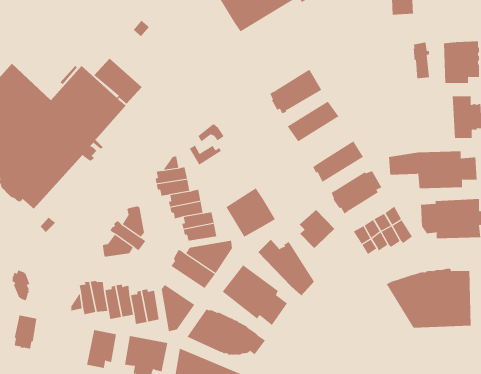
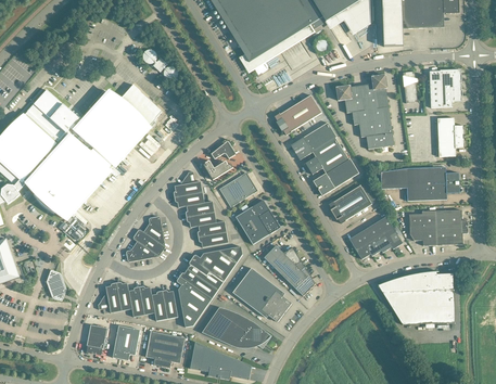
building: none -> [336,75,394,149]
building: none -> [305,138,348,175]
building: none -> [218,172,257,207]
building: [299,209,335,249] -> none
building: none -> [176,269,217,304]
building: [14,315,37,349] -> [86,324,106,355]

